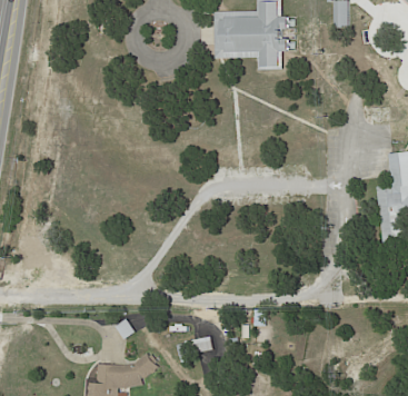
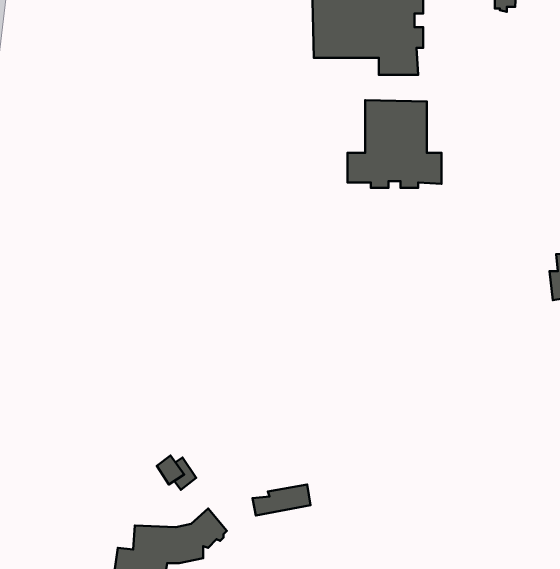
building: none -> [347,100,442,188]

